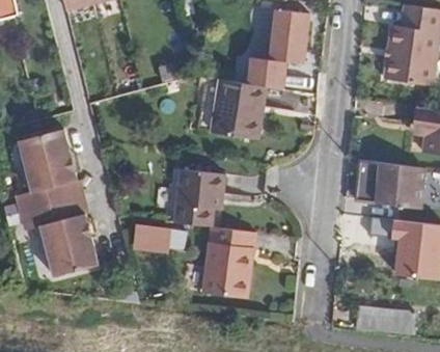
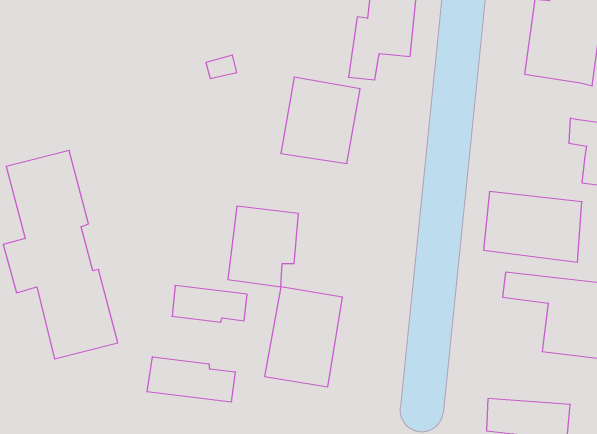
building: none -> [147,357,235,402]

